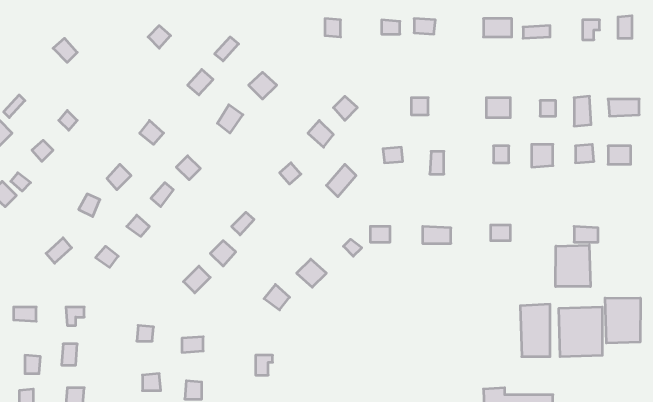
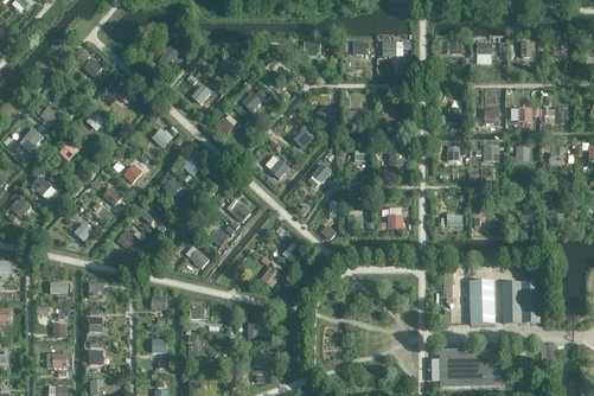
building: [556,245,590,287] -> none
building: [605,298,640,343] -> none

